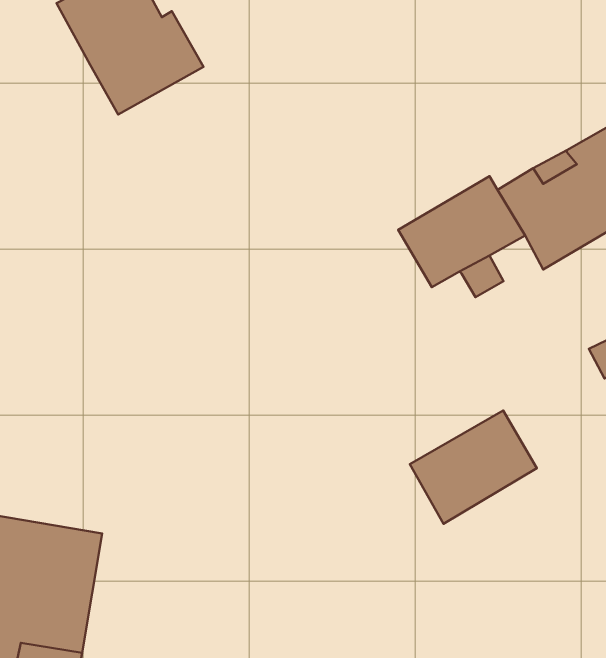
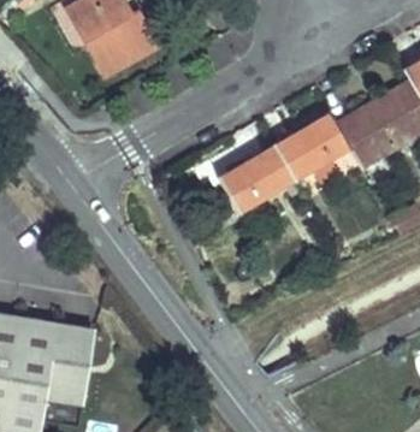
building: [410,411,537,524] -> [217,146,294,214]

